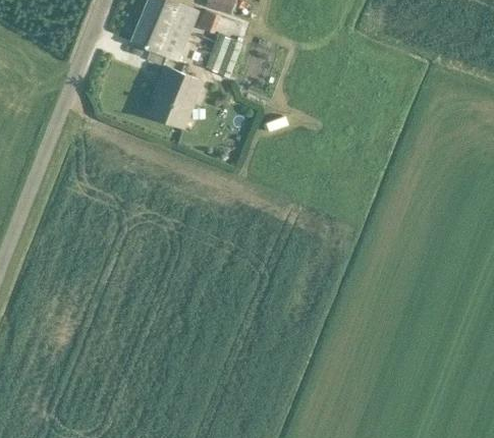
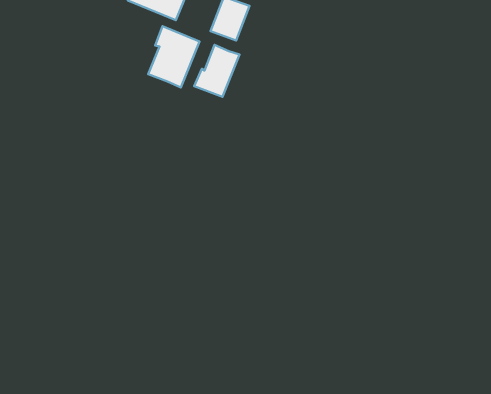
building: none -> [194,45,239,97]

